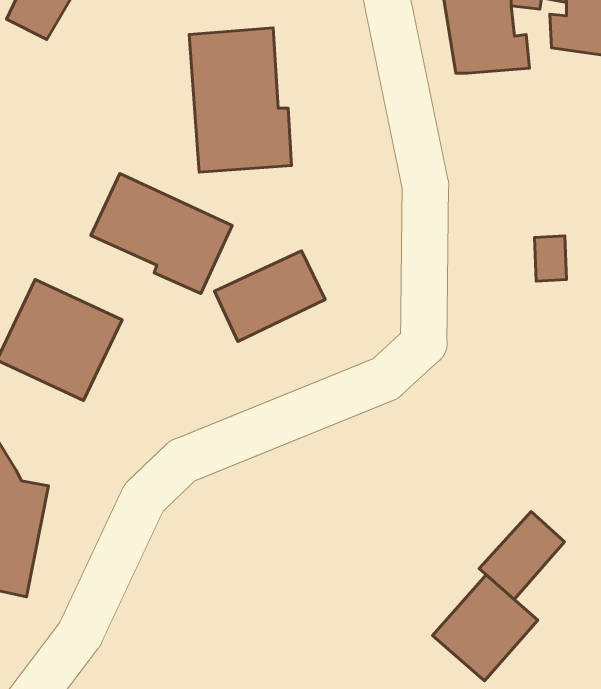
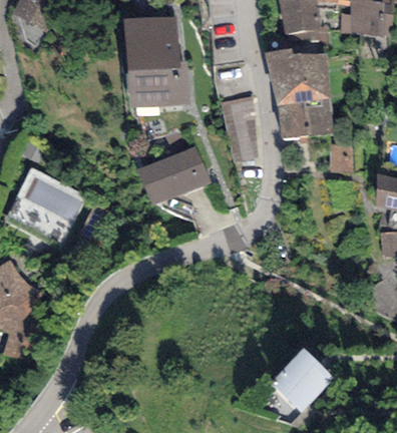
building: none -> [264,46,332,135]
building: none -> [221,104,258,167]
building: [91,174,232,294] -> none
building: [479,511,565,599] -> none

